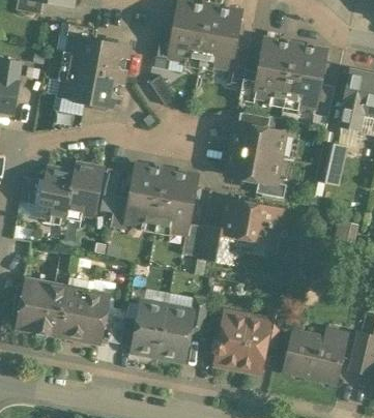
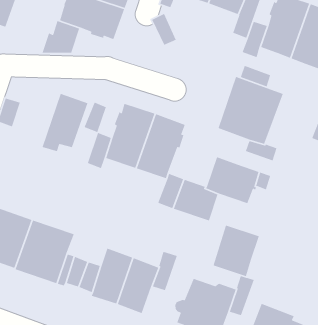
building: [38,167,74,232] -> none
building: none -> [212,224,260,277]

